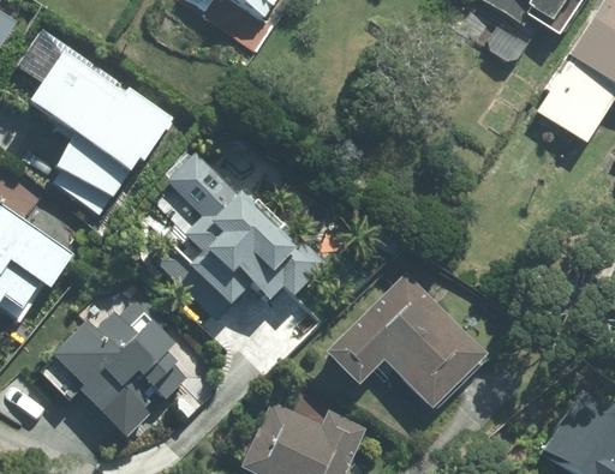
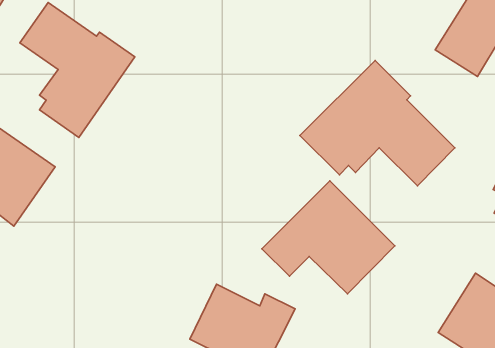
building: none -> [300,61,455,186]
building: [161,152,328,319] -> none
building: [53,283,186,436] -> none

